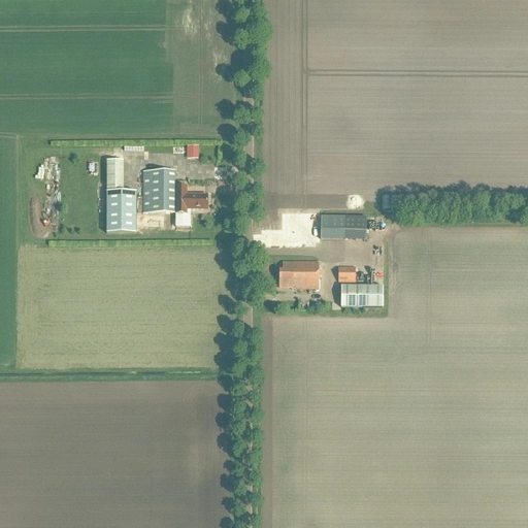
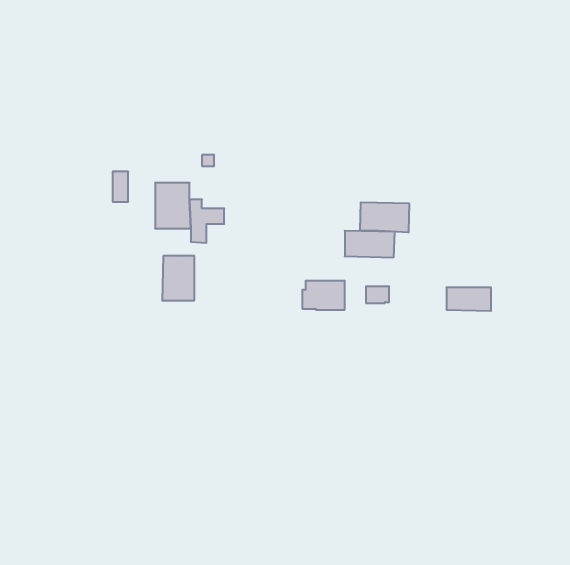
building: none -> [360,202,409,233]
building: [106,190,136,231] -> [162,256,194,300]
building: [341,285,383,306] -> [446,287,491,311]

